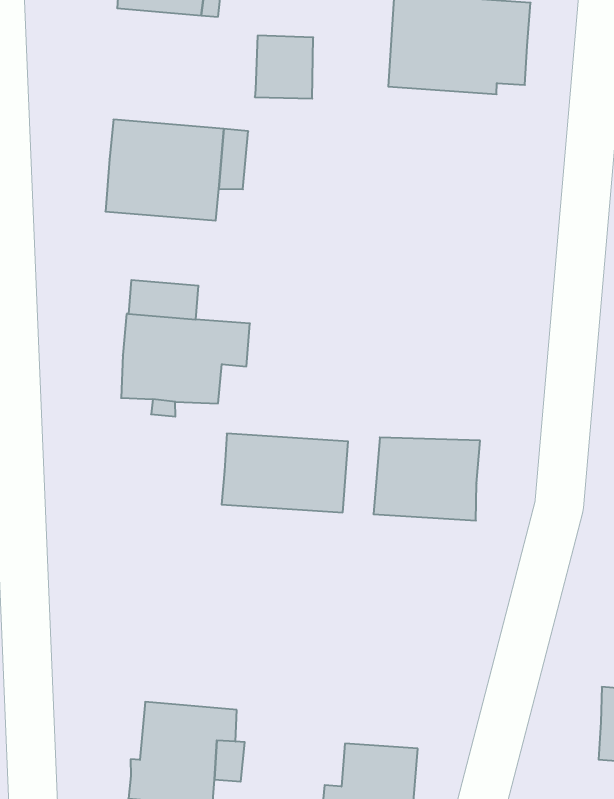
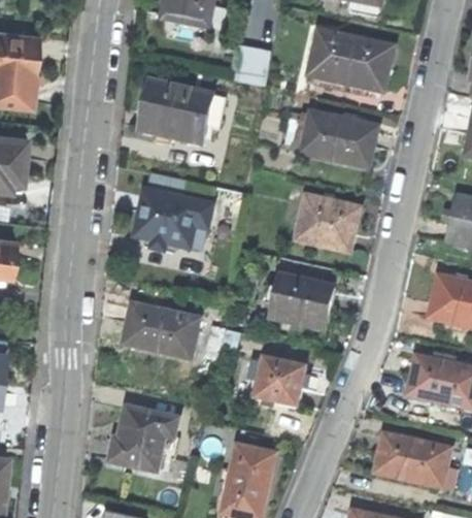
building: none -> [301,112,375,165]
building: none -> [297,196,359,249]
building: [222,434,348,512] -> [124,304,199,357]
building: none -> [256,359,306,408]

